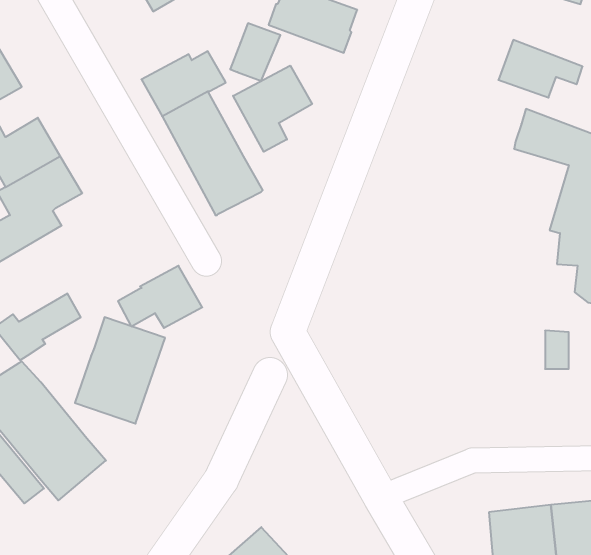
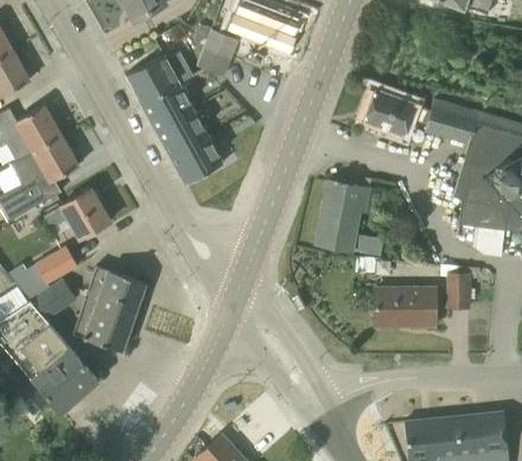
building: [498,40,583,98] -> [363,89,431,135]
building: [233,66,312,152] -> none
building: none -> [314,180,383,256]
building: [118,266,202,328] -> [43,188,110,238]
building: none -> [34,278,74,315]
building: none -> [375,289,435,325]

